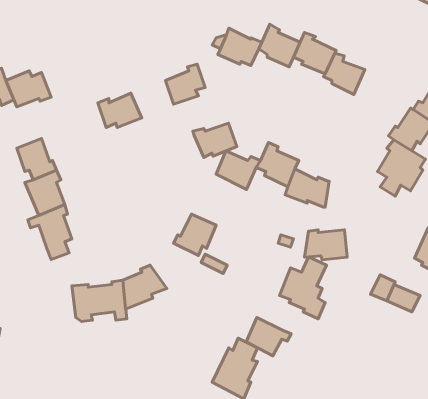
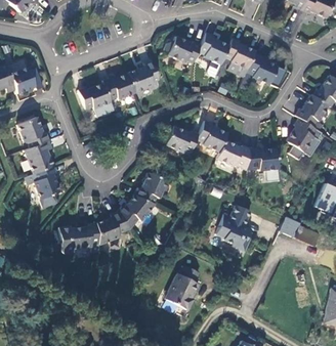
building: [193,123,237,157] -> [102,74,135,99]
building: [304,230,347,260] -> [248,147,280,170]
building: none -> [118,194,154,228]
building: [246,317,291,356] -> none

